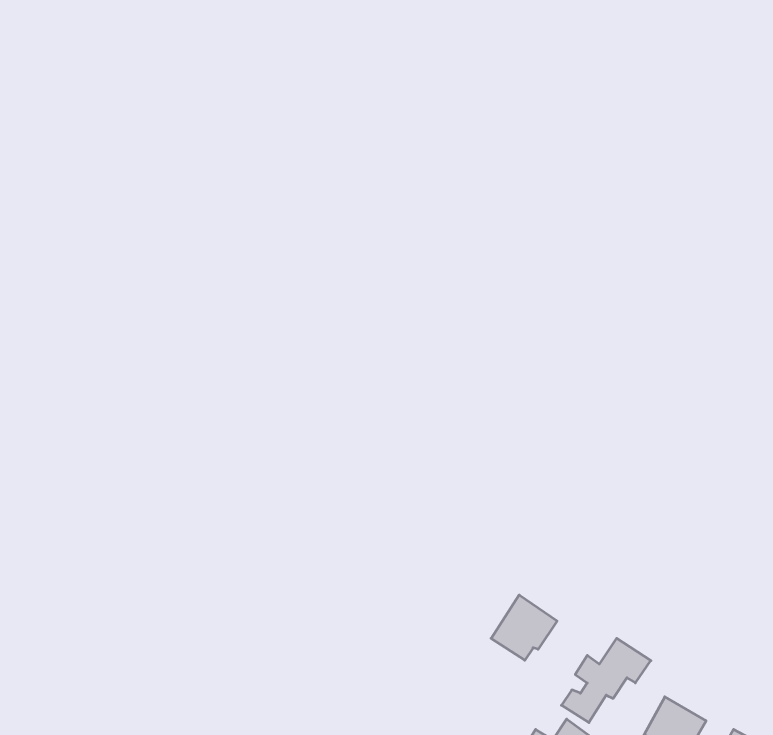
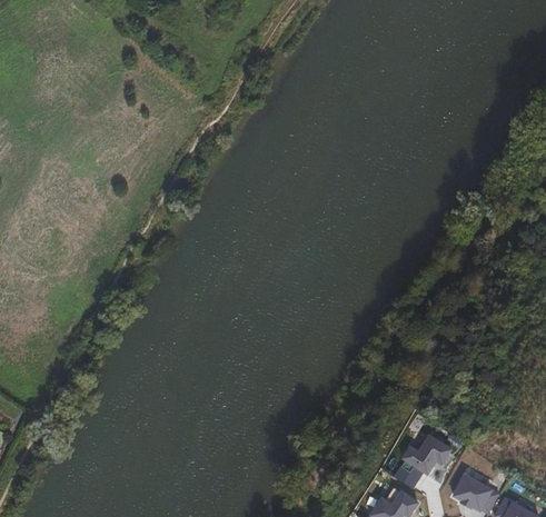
building: [491,595,557,660] -> none

